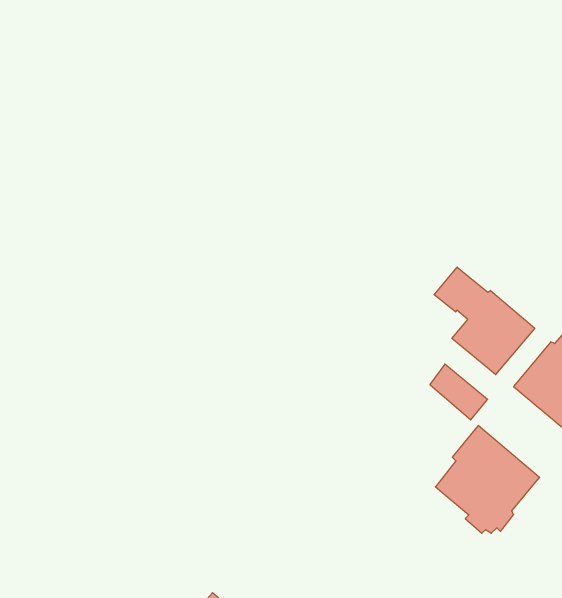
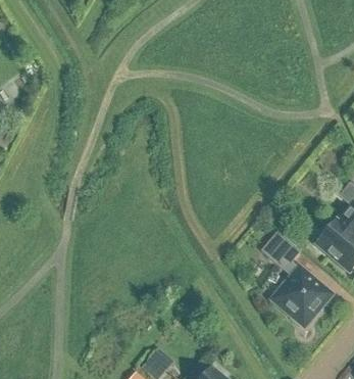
building: [434,267,535,375] -> none

